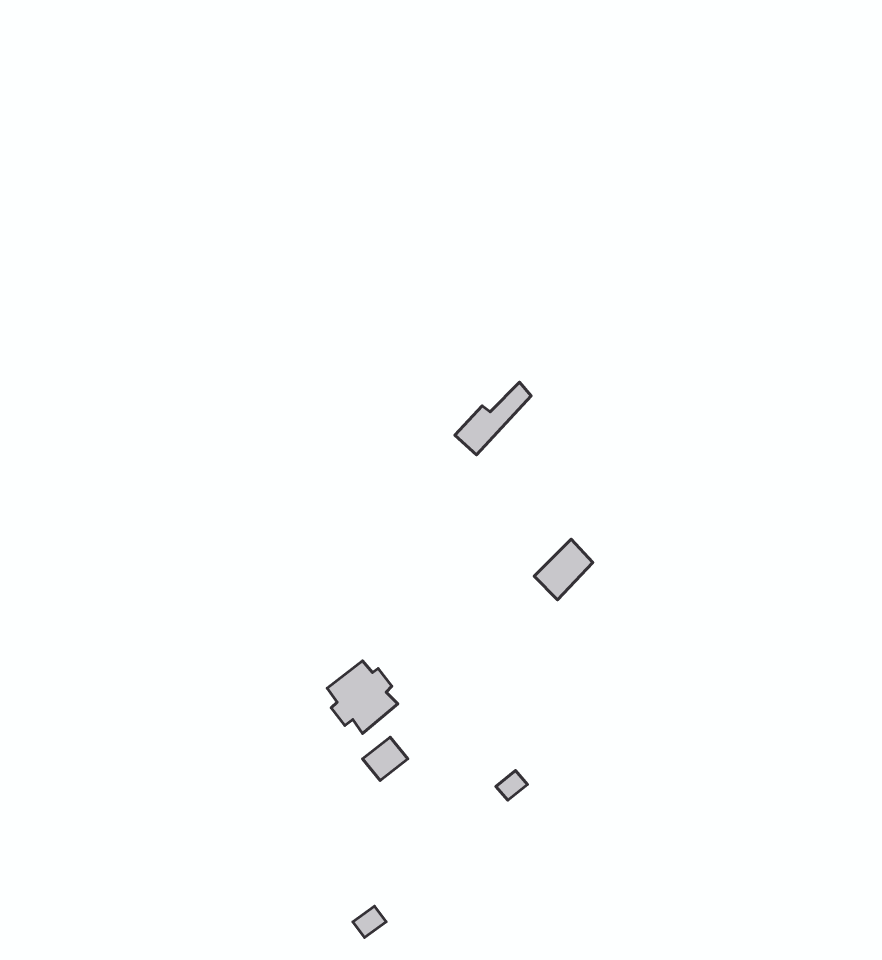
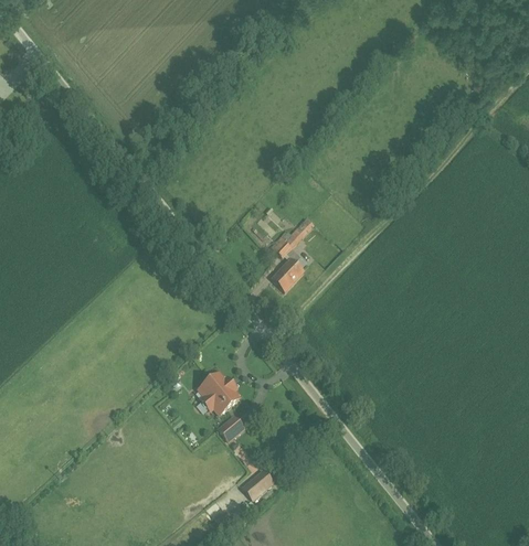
building: [534,539,593,600] -> [272,257,305,291]
building: none -> [244,469,275,499]

